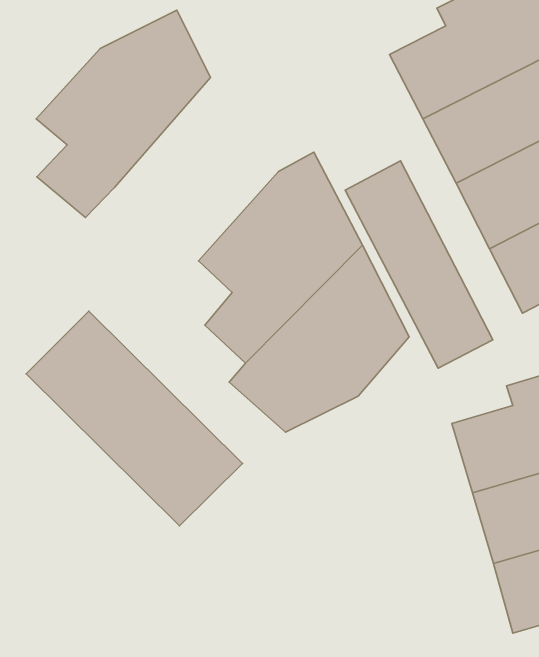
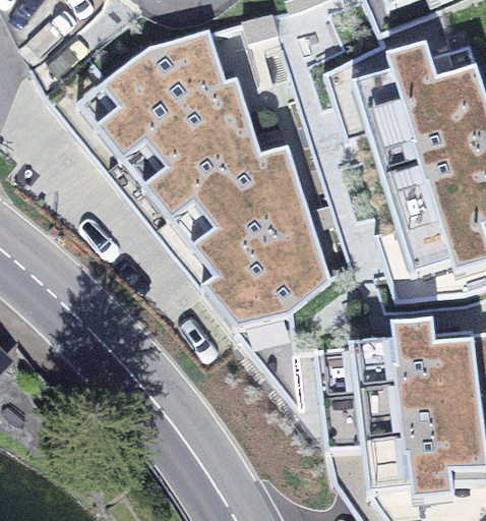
building: none -> [143,74,260,220]
building: [345,161,493,368] -> none
building: [26,311,242,526] -> none

